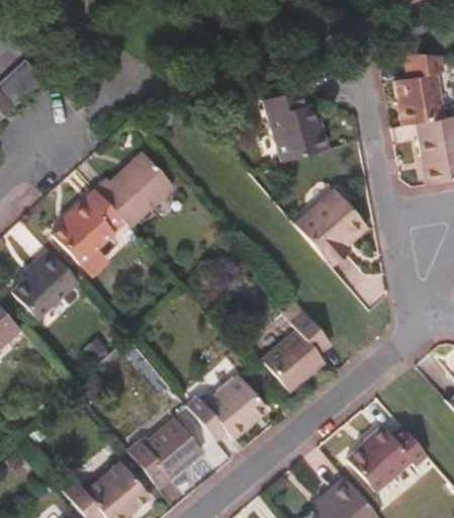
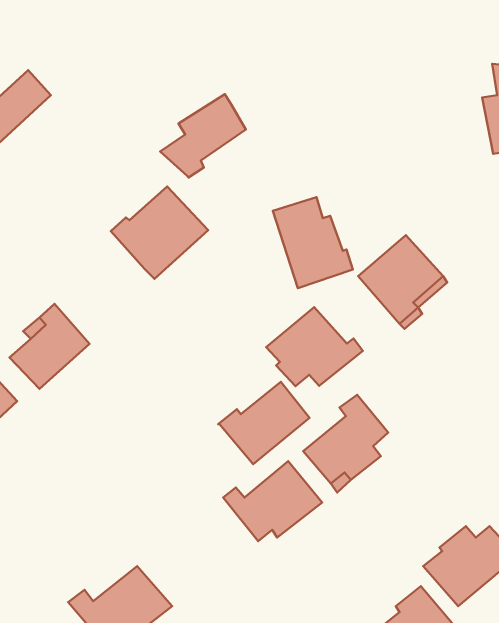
building: none -> [160,94,246,177]
building: [261,89,326,163] -> [273,197,353,288]
building: [56,188,122,265] -> none
building: none -> [266,307,363,386]
building: [128,419,202,486] -> [218,382,309,464]

